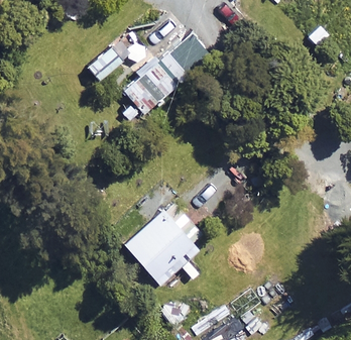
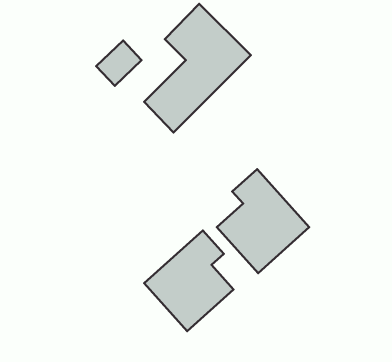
building: none -> [217,169,309,273]

